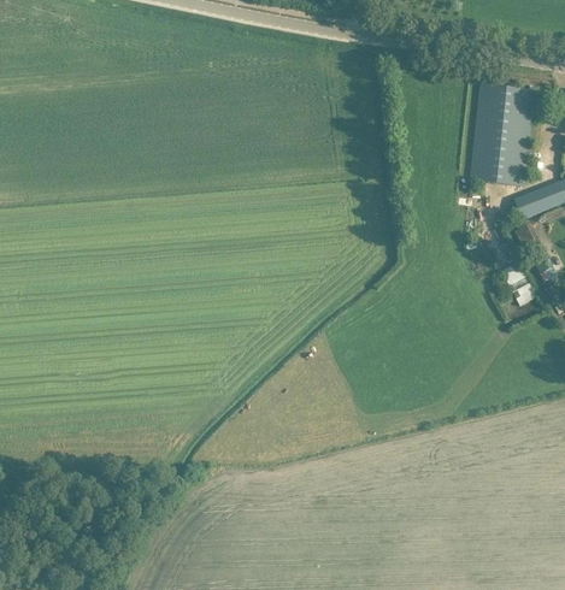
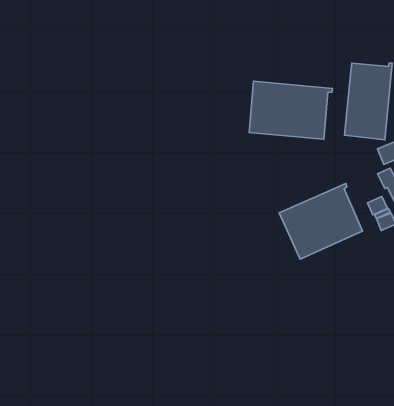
building: none -> [249,81,332,139]
building: none -> [279,184,363,259]

